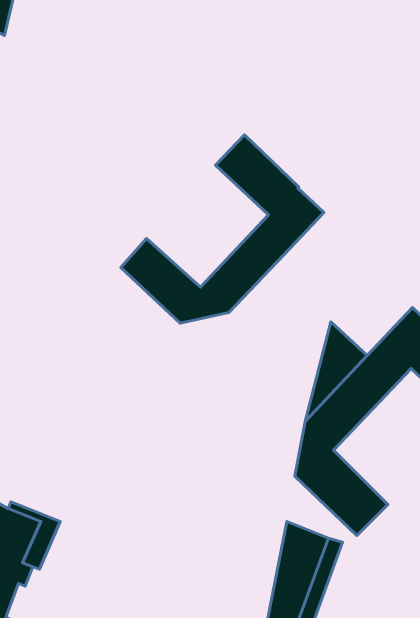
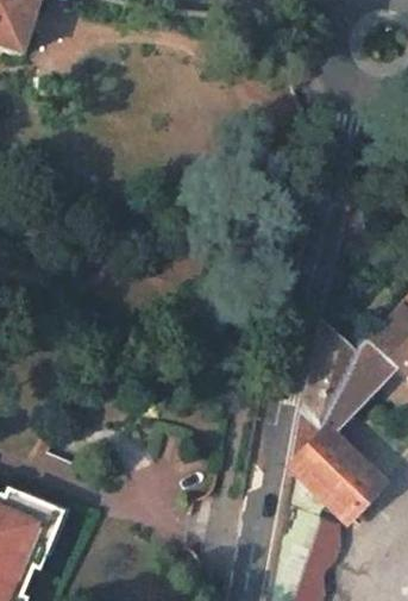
building: [121,135,324,323] -> none

